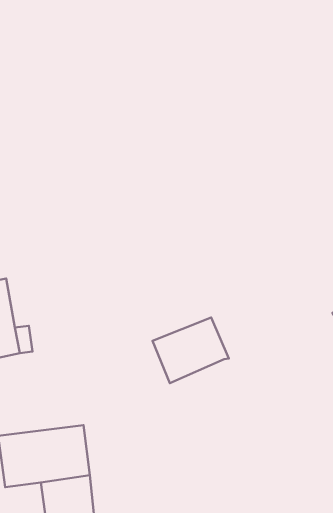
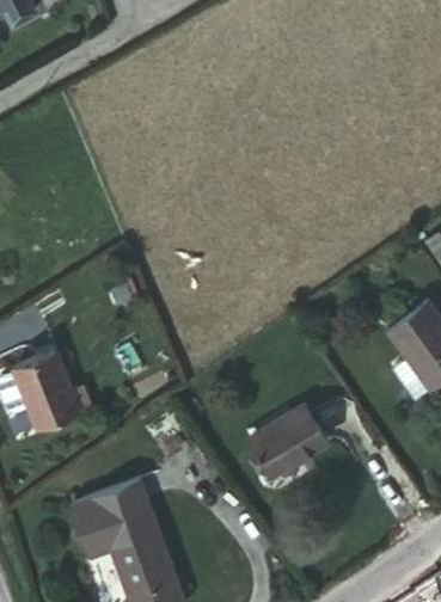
building: [152,318,229,383] -> [253,405,336,479]

